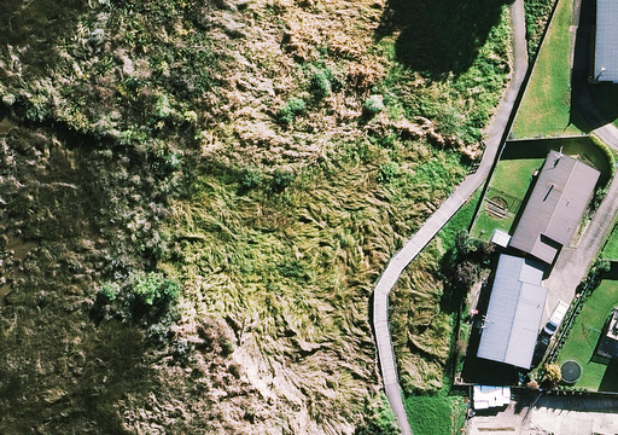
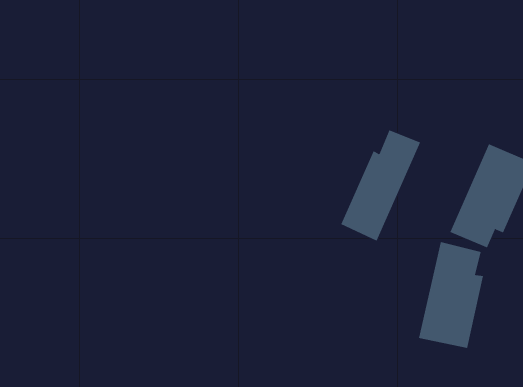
building: none -> [340,129,421,242]

